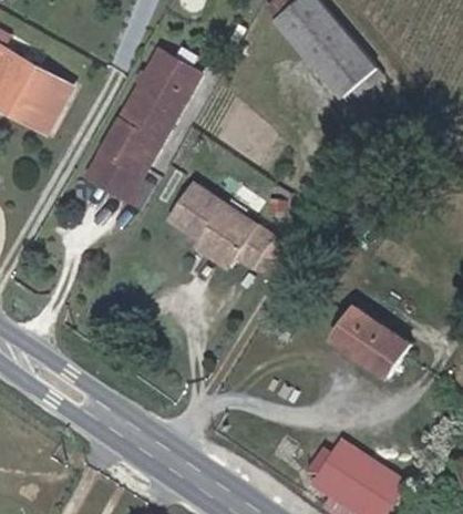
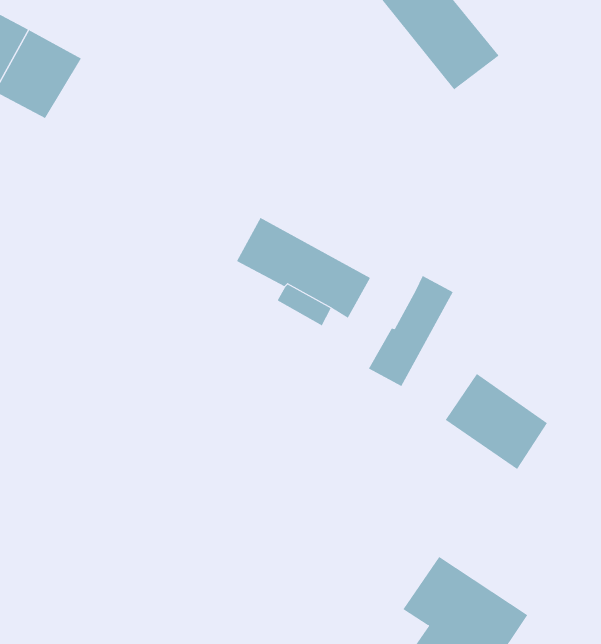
building: [91,55,200,201] -> none
building: none -> [368,275,453,387]

